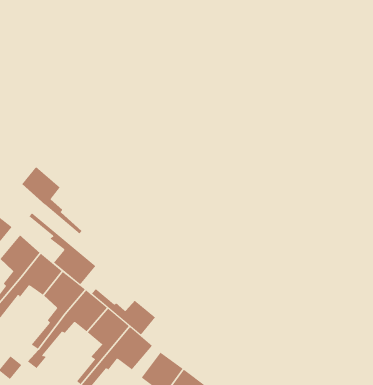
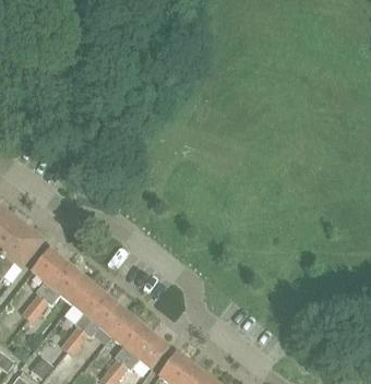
building: [21,166,82,234] -> none
building: [29,212,96,285] -> none
building: [91,288,156,335] -> none

